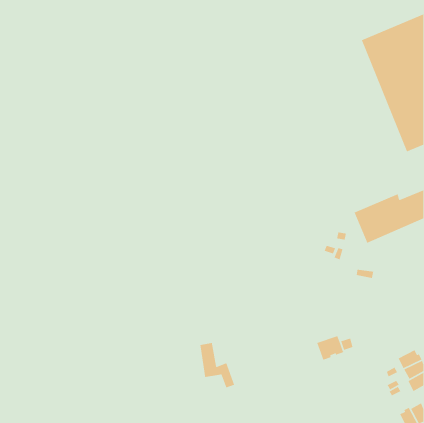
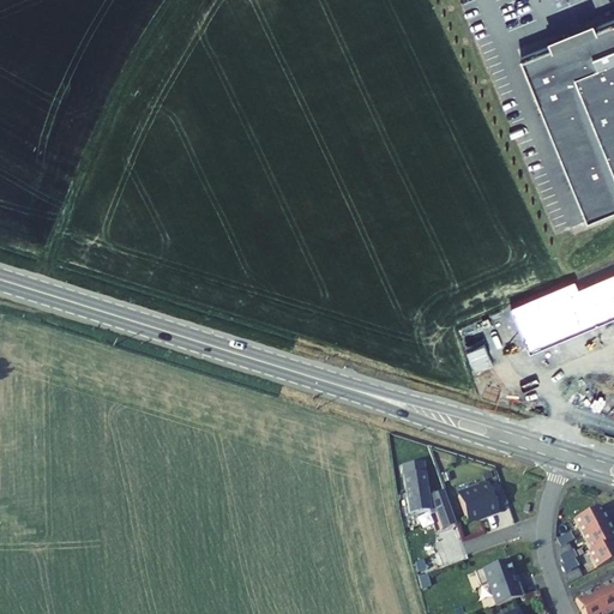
building: [199,342,235,389] -> [403,463,455,530]
building: none -> [474,559,524,604]

